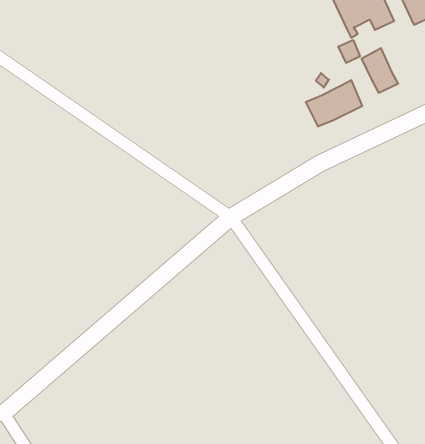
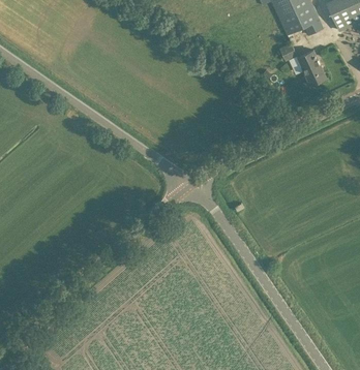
building: [306,80,362,127] -> none

